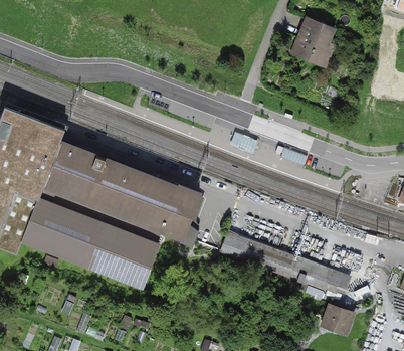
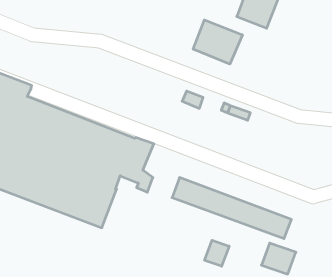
building: none -> [193,20,242,64]
building: none -> [205,240,229,266]

